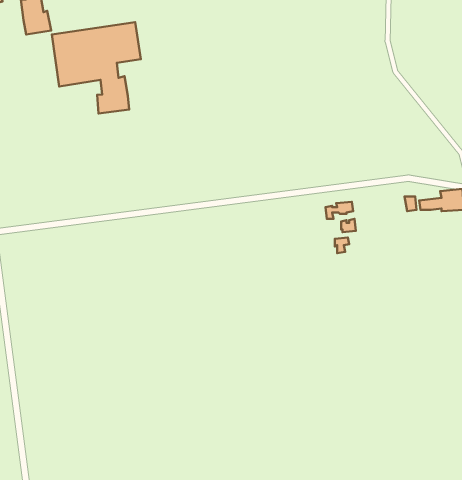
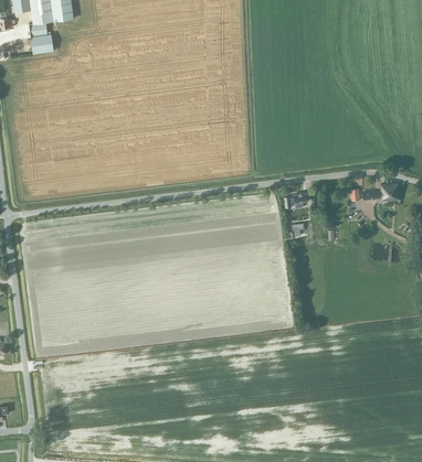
building: [52,22,141,114] -> none

